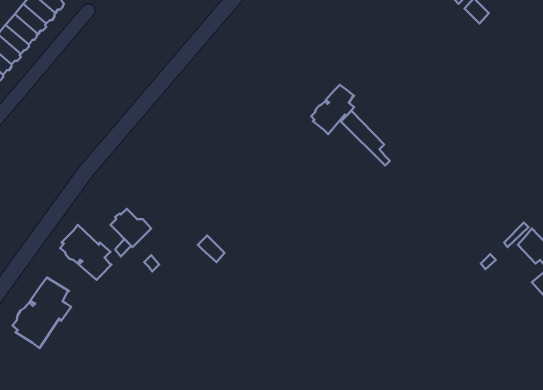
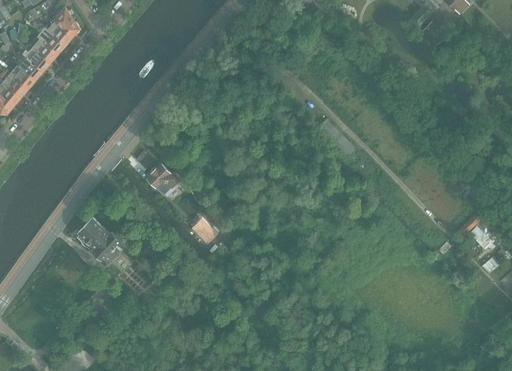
building: [311,85,354,134] -> none
building: [110,209,151,247] -> [147,163,182,196]
building: [12,277,71,348] -> none

